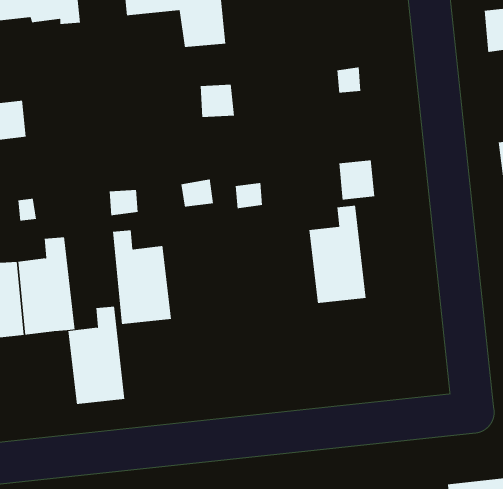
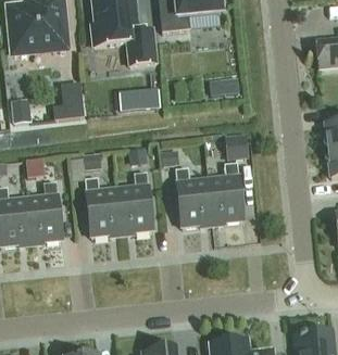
building: none -> [52,80,84,119]
building: none -> [175,167,212,226]
building: [67,306,125,404] -> [116,172,152,232]

